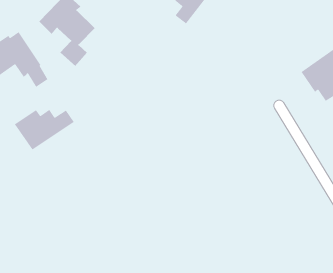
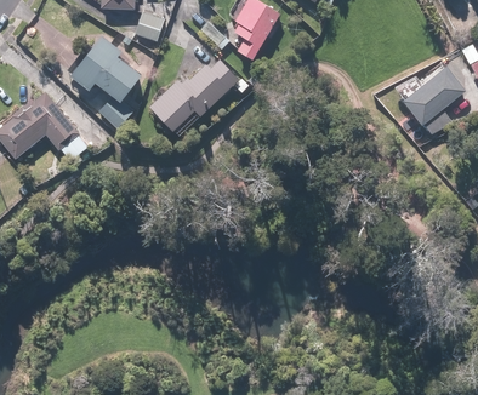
building: none -> [148,61,238,138]
building: [14,109,75,151] -> none

